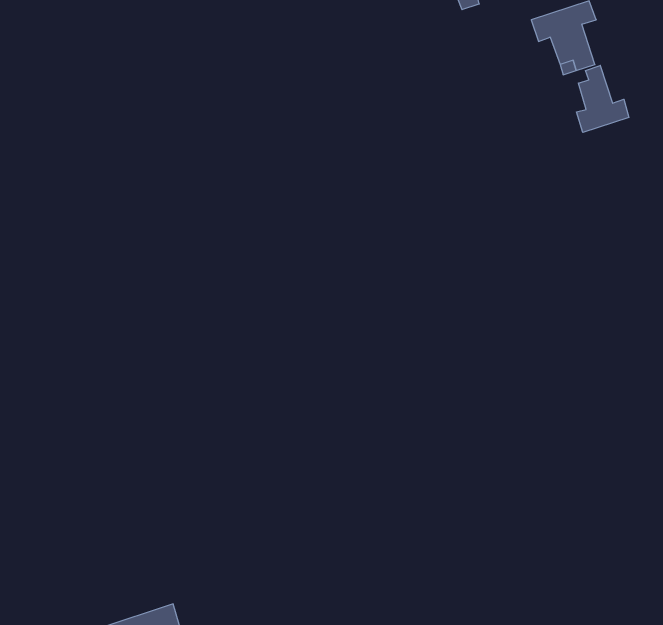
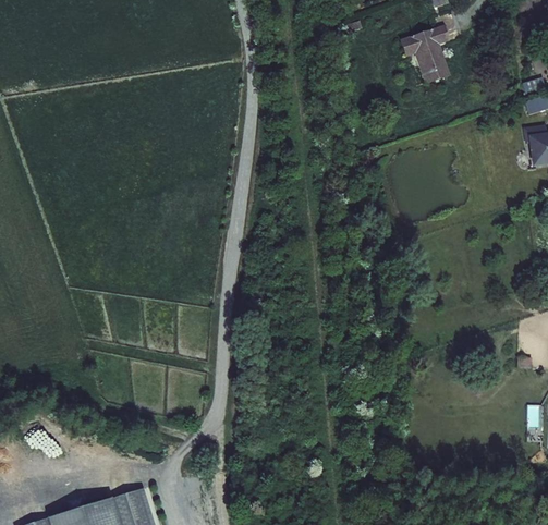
building: [577,65,629,132] -> none

